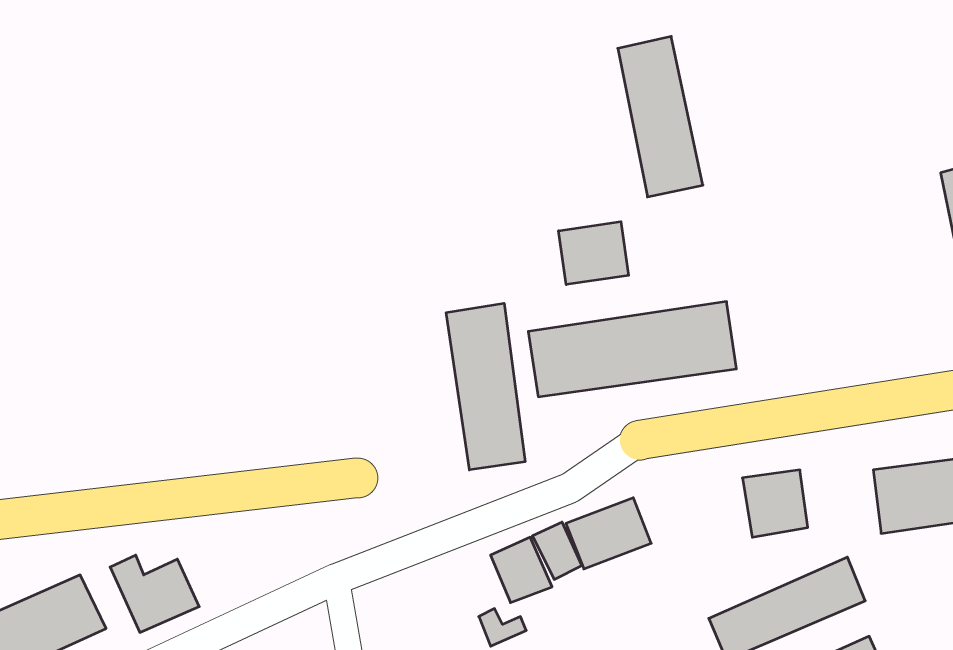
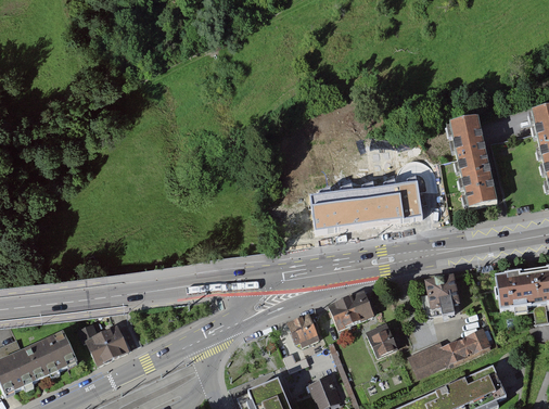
building: [618,36,703,197] -> [451,119,498,207]
building: [559,222,629,285] -> none
building: [446,303,525,470] -> none
building: [532,522,582,579] -> [365,323,392,355]

